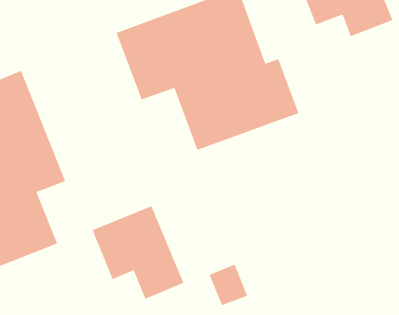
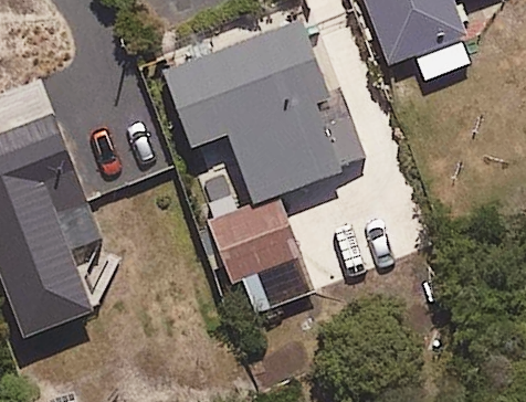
building: [91,205,184,300] -> [208,200,312,306]

